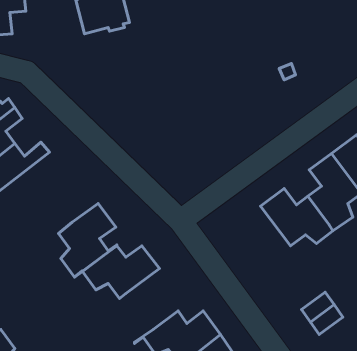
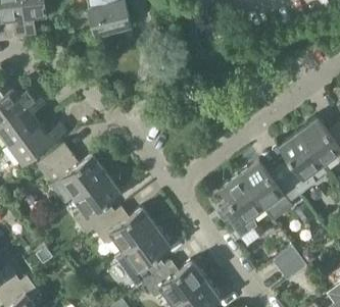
building: none -> [36,143,106,198]
building: none -> [220,175,263,239]
building: none -> [124,226,172,287]

